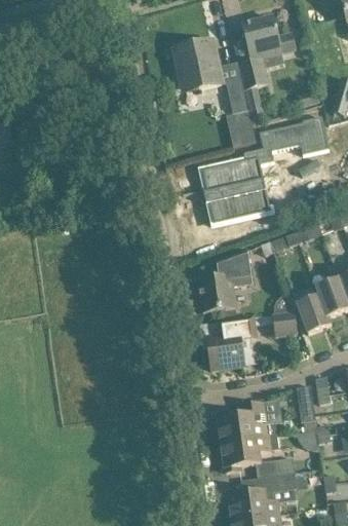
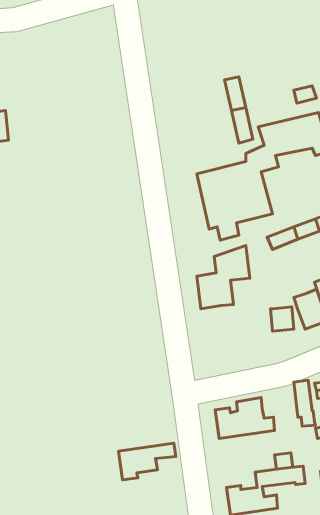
building: [238,15,296,115] -> none
building: [175,39,220,88] -> none
building: [205,315,256,369] -> none
building: [221,434,278,471] -> [119,443,176,480]

